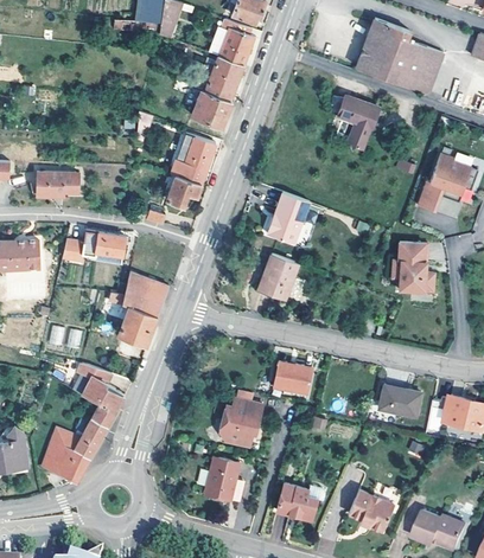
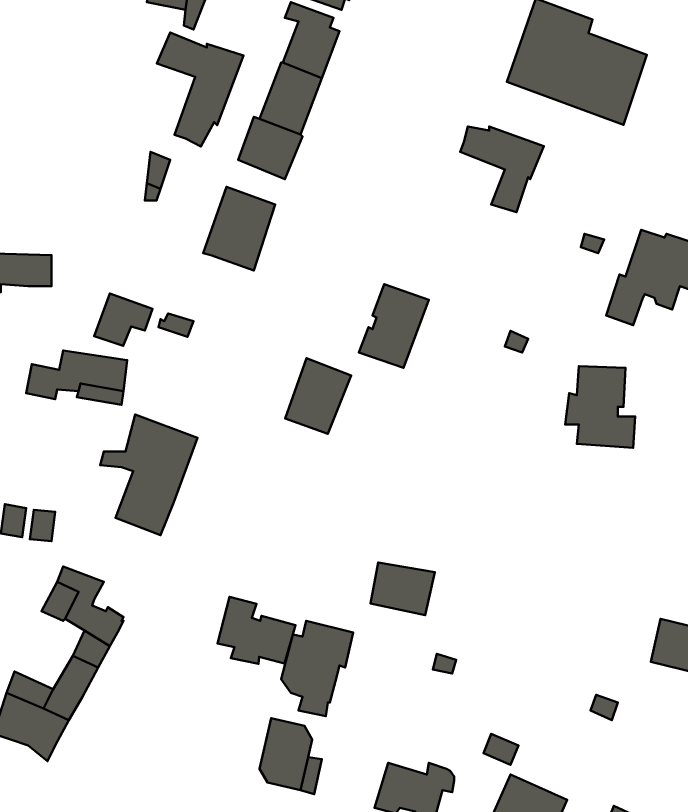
building: none -> [157,32,243,146]
building: [166,174,202,206] -> [94,293,152,346]
building: [257,252,298,299] -> [285,358,351,434]
building: none -> [218,597,295,664]
building: [377,385,420,417] -> none

